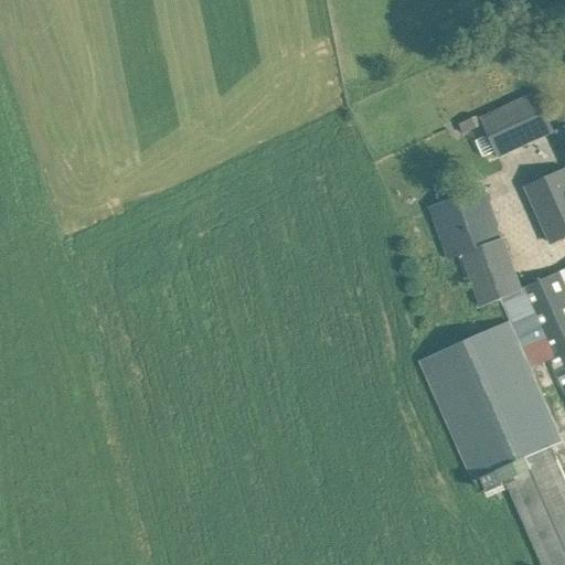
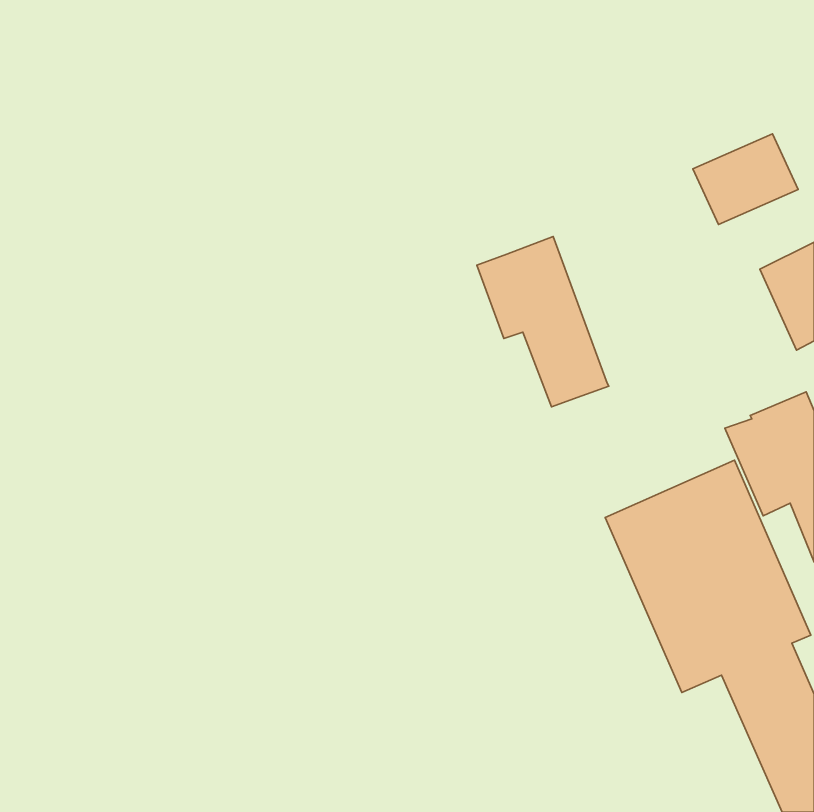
building: [429,186,521,305] -> [477,237,609,407]

